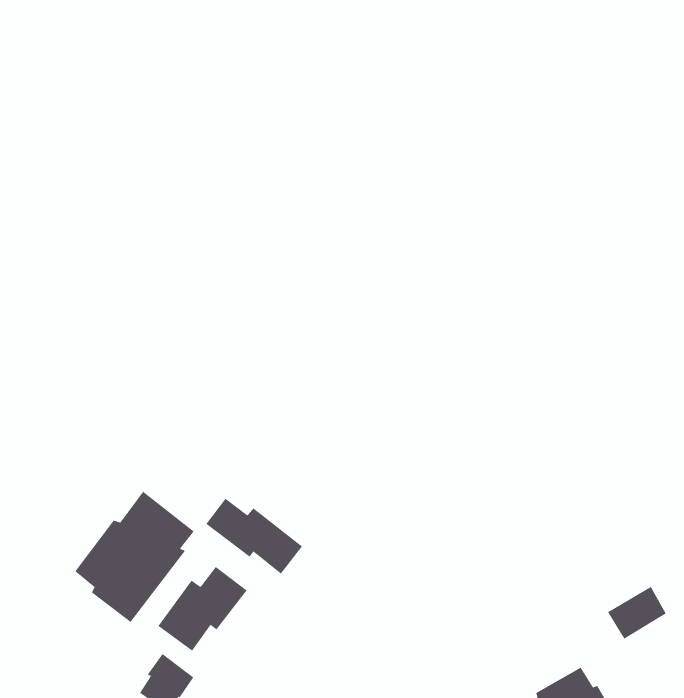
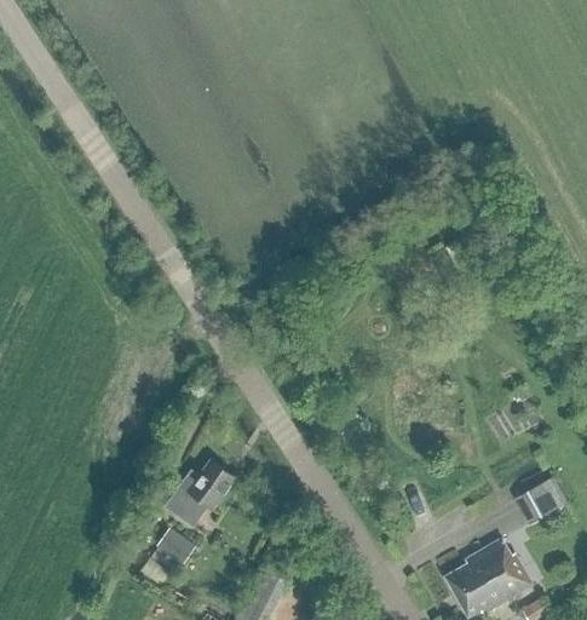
building: [74,491,195,623] -> none
building: [205,498,303,574] -> none

